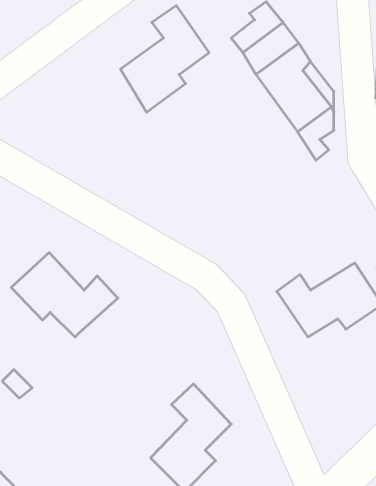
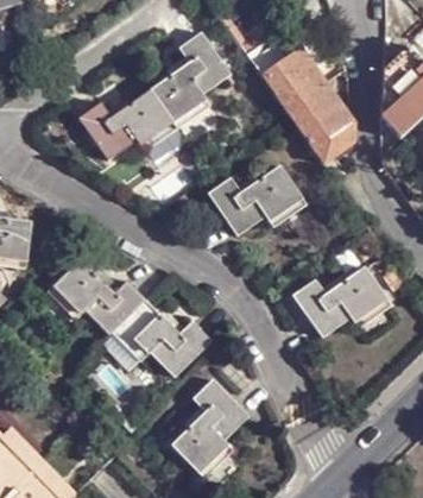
building: none -> [77,89,173,159]
building: none -> [207,164,305,234]
building: none -> [112,298,212,376]

